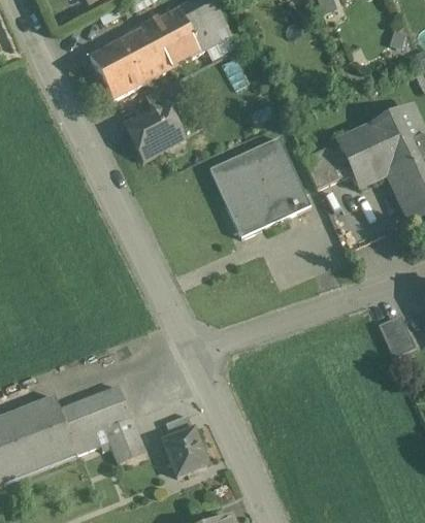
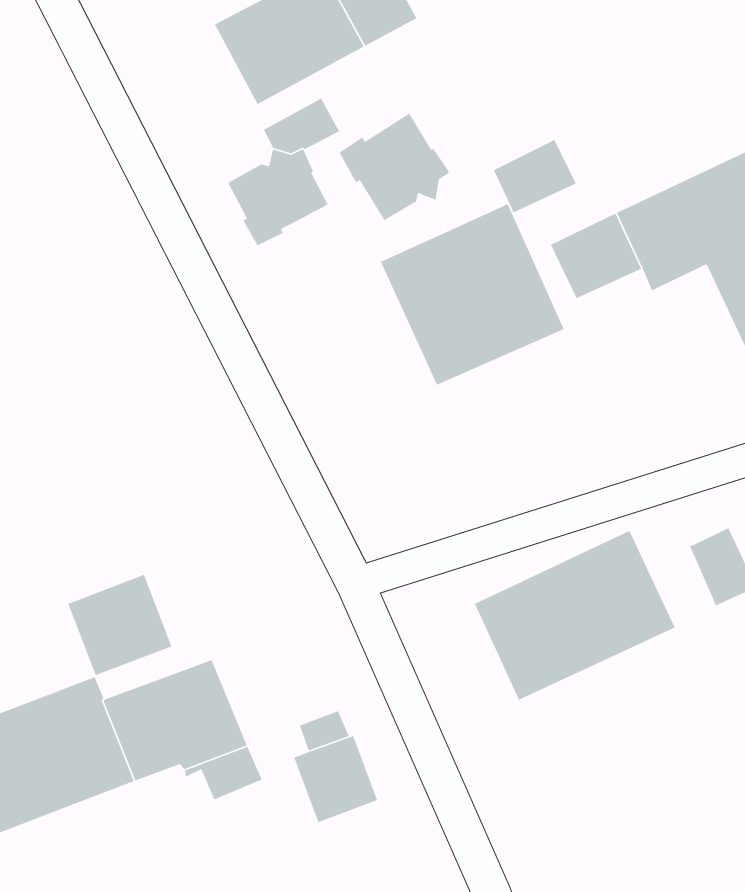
building: [89,38,142,99] -> none
building: none -> [338,113,450,221]
building: none -> [493,139,577,214]
building: none -> [474,530,676,701]
building: none -> [67,574,172,676]

